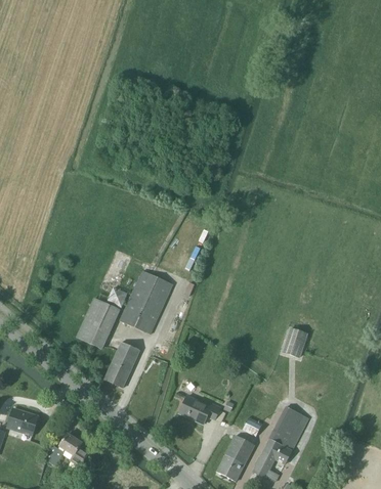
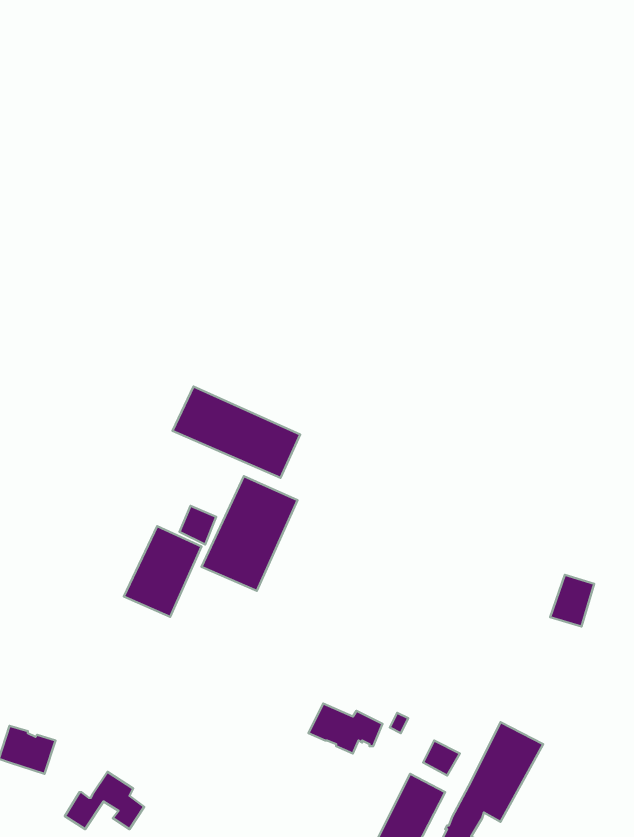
building: none -> [172,386,300,478]
building: [283,328,307,357] -> [550,575,594,626]
building: [104,342,140,388] -> none

